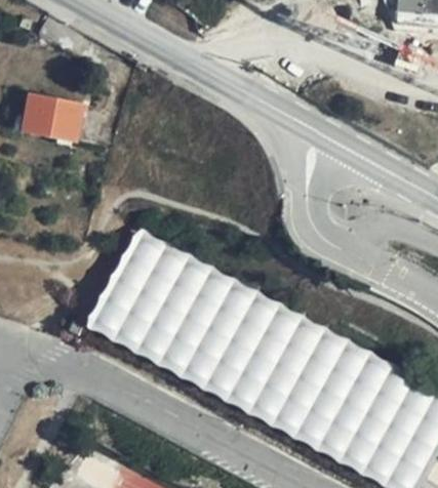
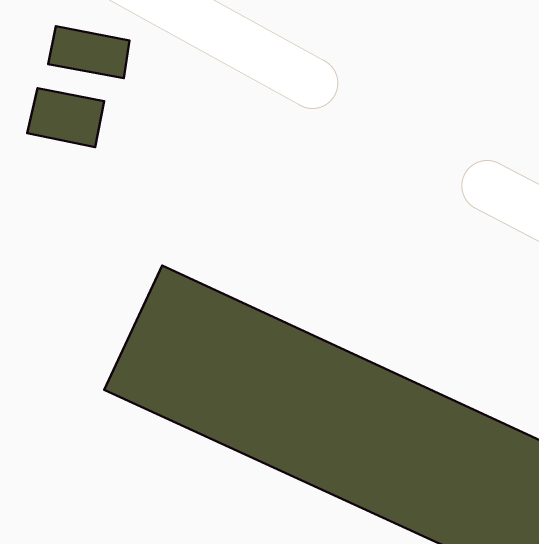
building: none -> [48,26,129,78]

